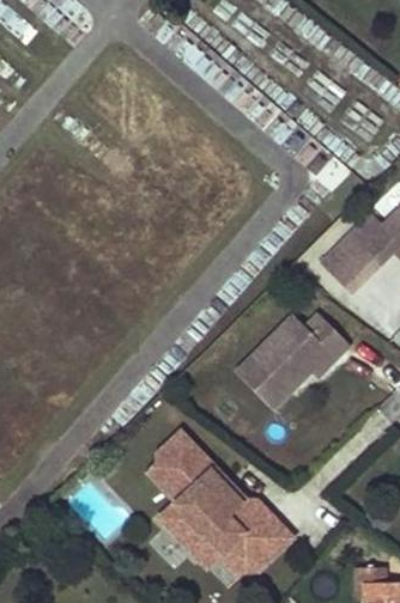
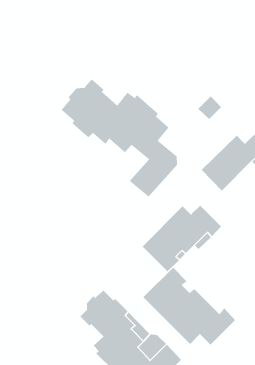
building: none -> [61,79,178,198]
building: none -> [143,267,236,346]

